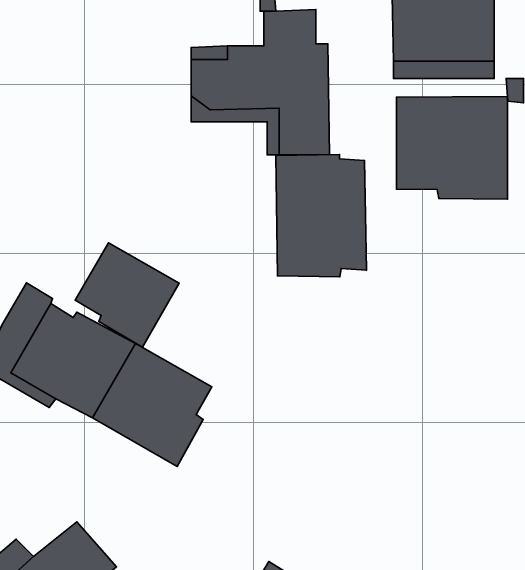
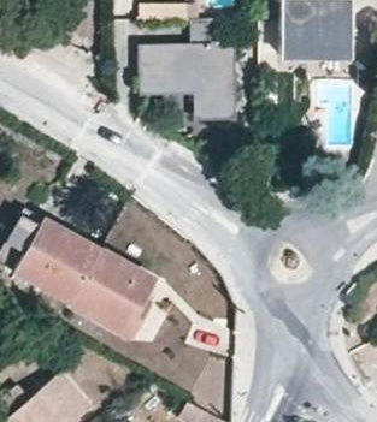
building: [396,97,508,199] -> none
building: [276,155,366,277] -> none
building: [75,243,179,347] -> none

